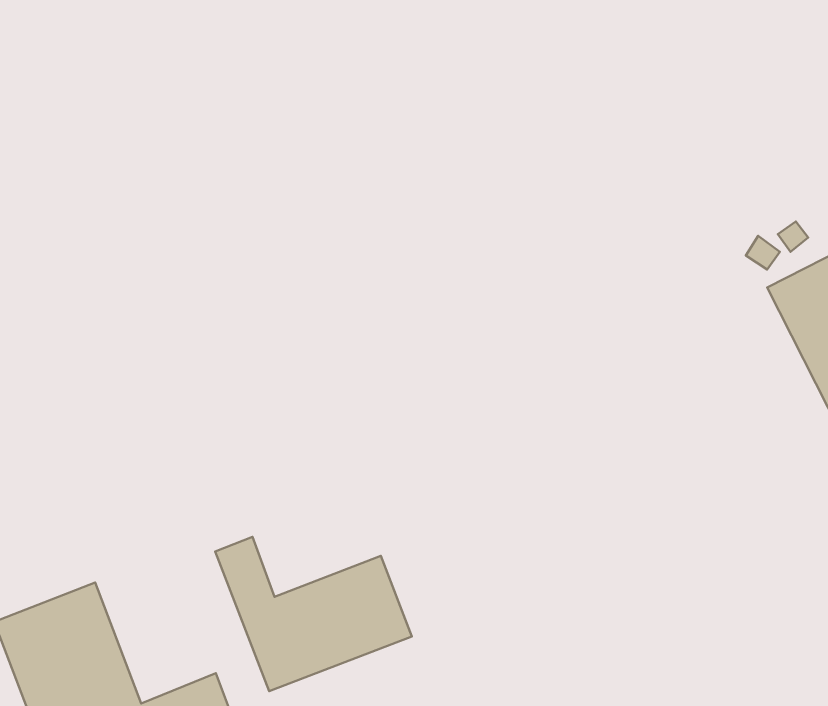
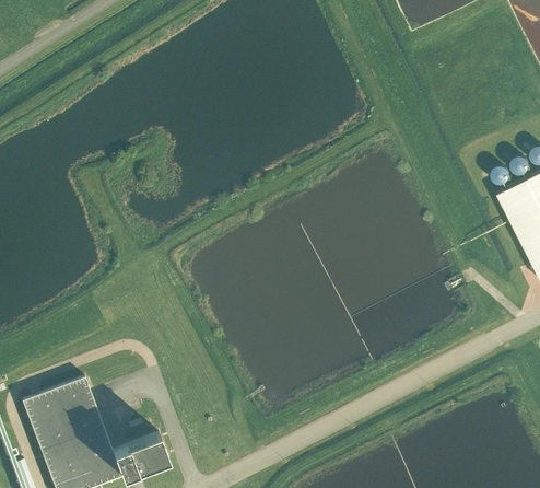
building: [215,537,412,691] -> none

